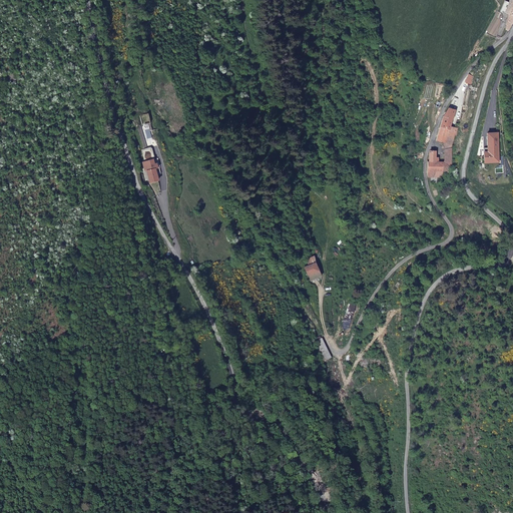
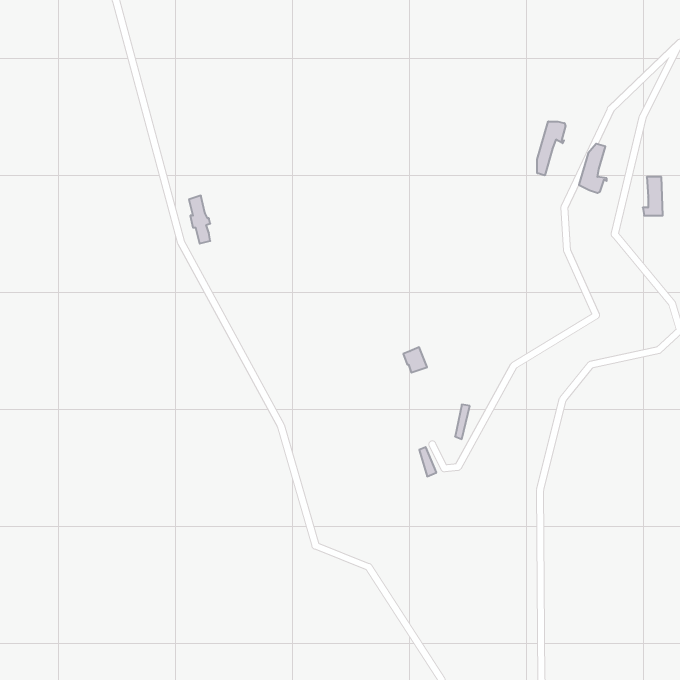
building: none -> [537,121,565,175]
building: [427,148,452,177] -> none

